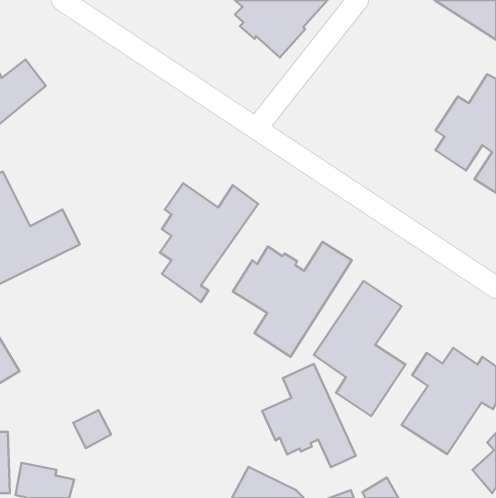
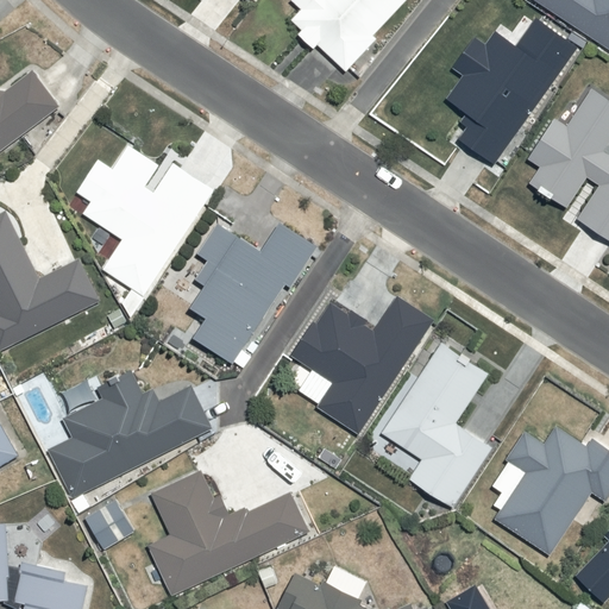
building: none -> [444,18,579,162]
building: none -> [75,142,212,294]
building: none -> [49,370,213,496]
building: [262,364,356,467] -> none
building: none -> [150,469,308,594]

